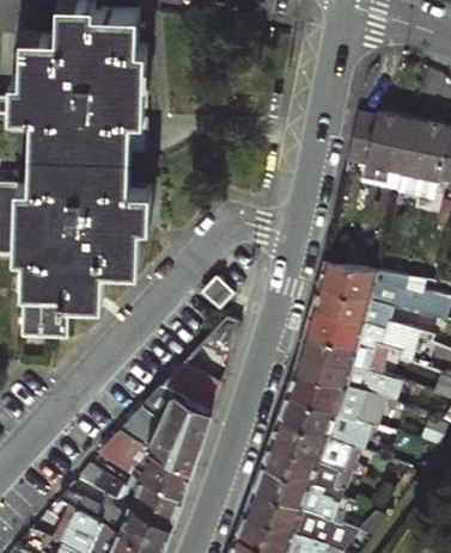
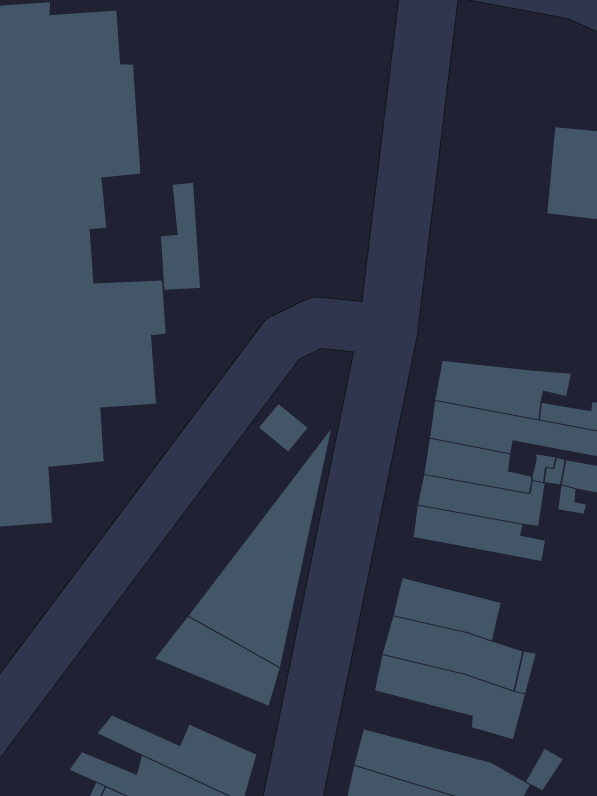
building: [345,112,410,174] -> none
building: [105,123,132,191] -> [160,182,201,290]
building: [284,373,383,430] -> none
building: [98,434,190,502] -> none
building: [249,468,354,528] -> none

